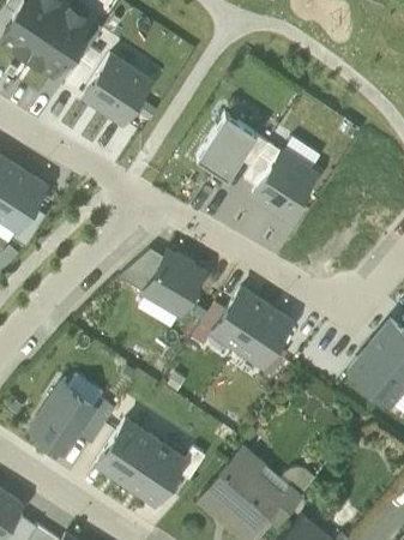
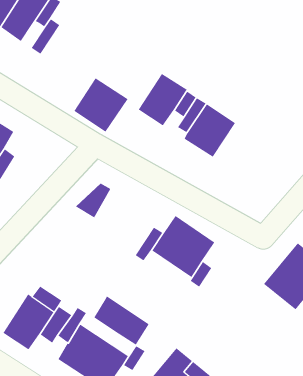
building: [84,55,151,122] -> [74,78,129,132]
building: [144,251,205,313] -> none
building: none -> [93,296,150,345]

